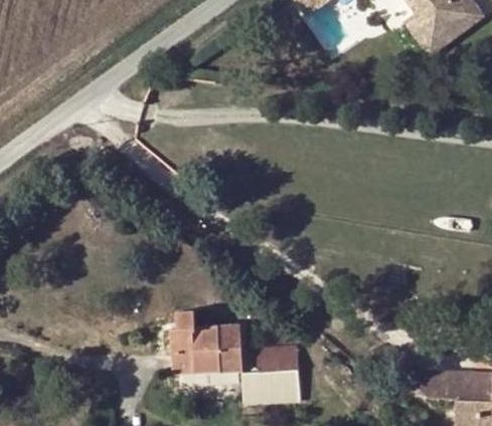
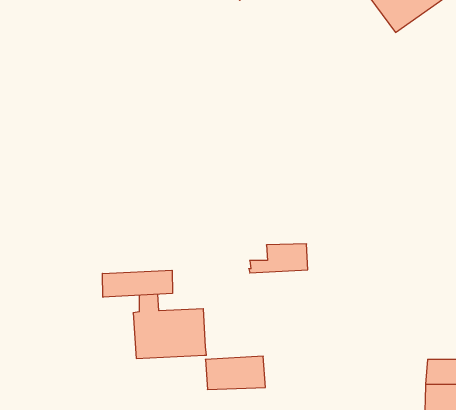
building: none -> [102,270,172,297]
building: [240,346,298,374] -> [249,244,308,273]
building: [419,369,458,400] -> none

